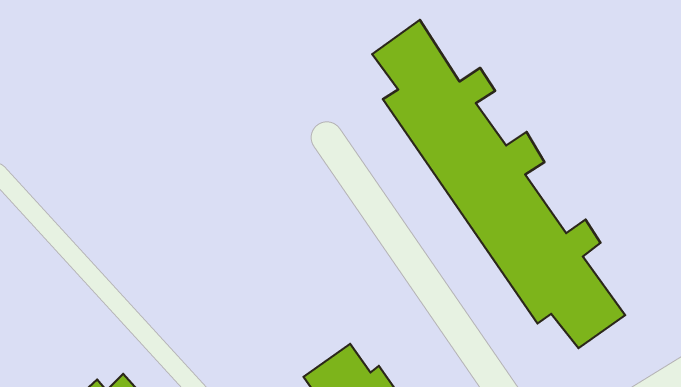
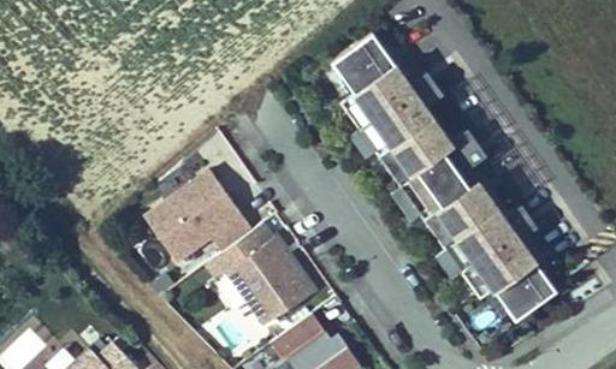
building: none -> [147,172,255,262]
building: none -> [227,239,313,326]

